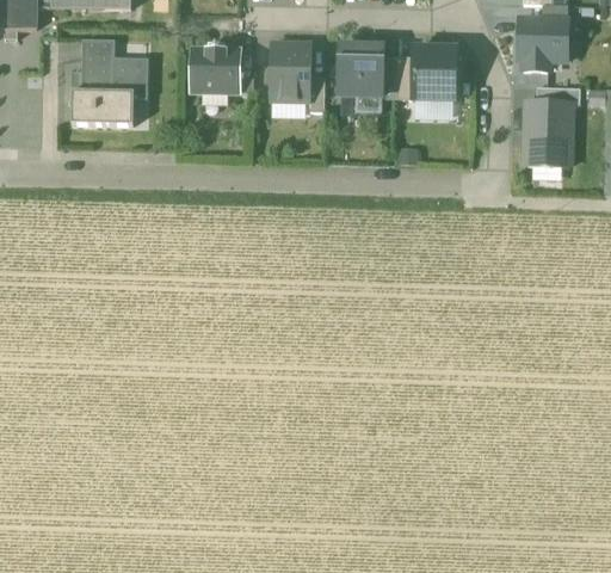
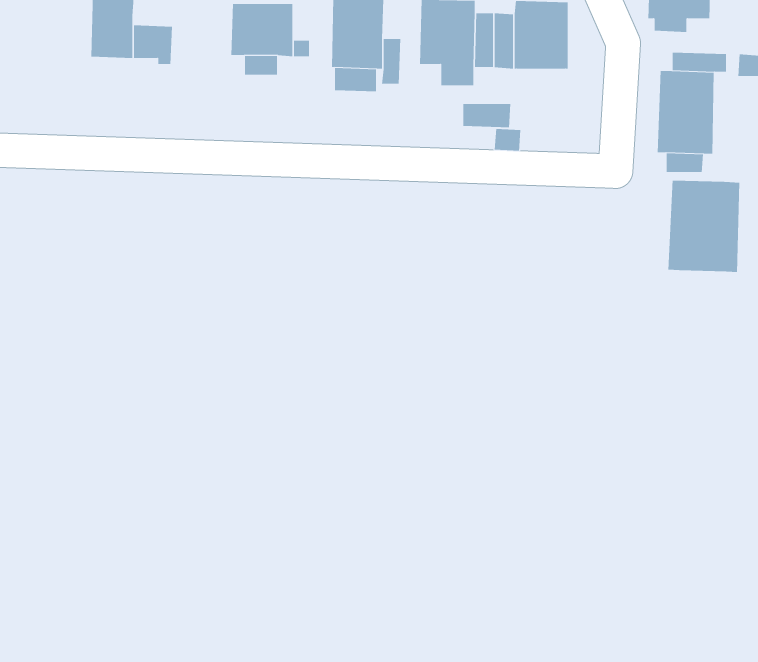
building: [72,87,134,122] -> none
building: [415,97,453,116] -> [462,103,511,128]
building: none -> [668,180,740,273]

